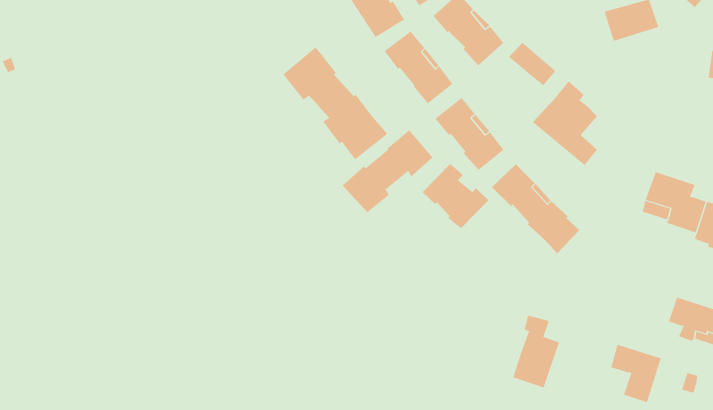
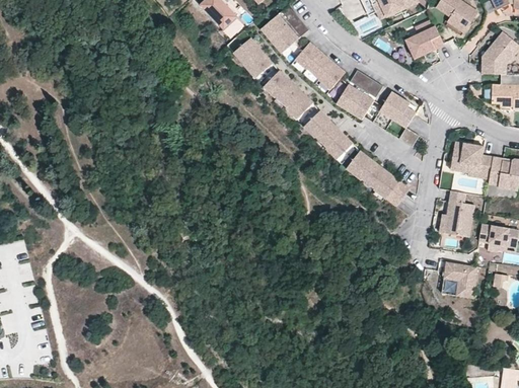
building: [283,46,388,160] -> none
building: none -> [333,82,371,118]
building: [342,130,433,213] -> none
building: [422,163,489,229] -> none
building: [513,315,560,388] -> [447,190,475,238]

